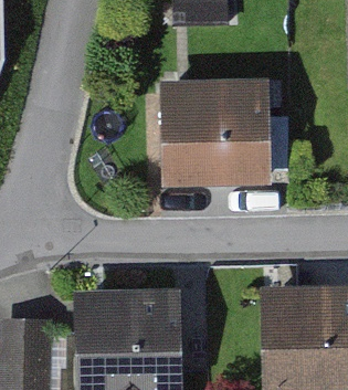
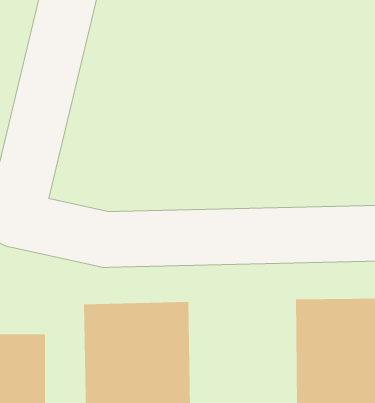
building: [171,93,264,183] -> none

